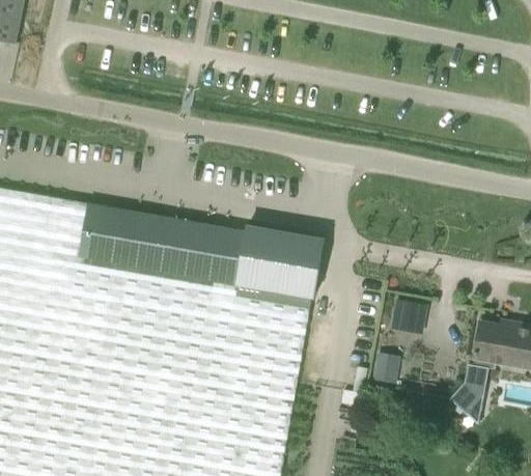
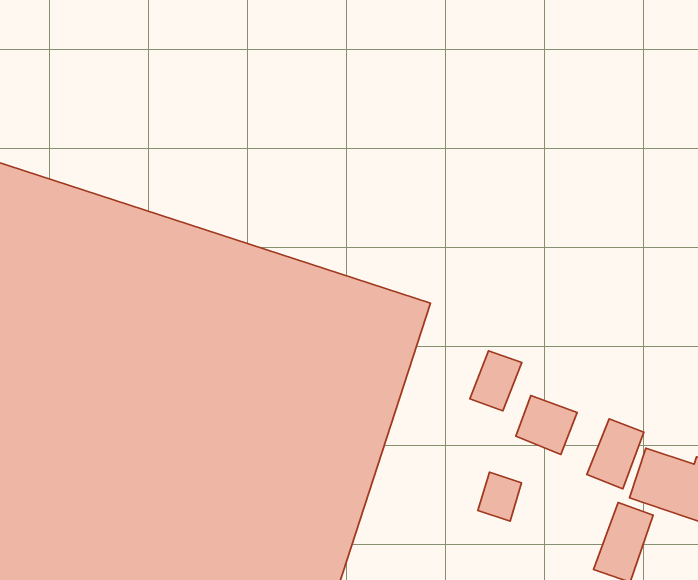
building: none -> [470,351,522,411]
building: none -> [587,419,644,489]

